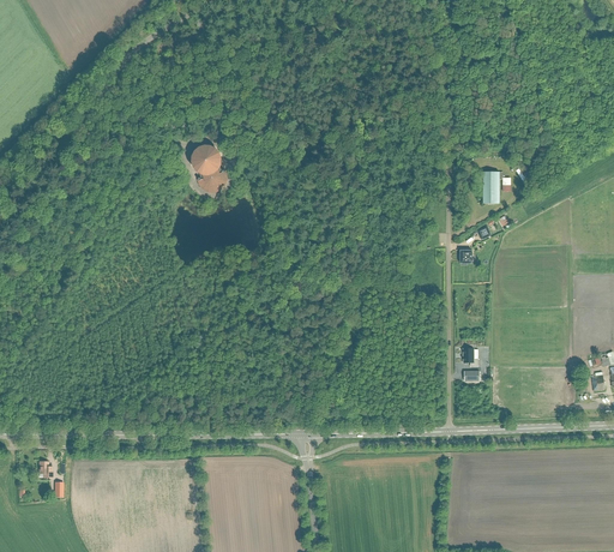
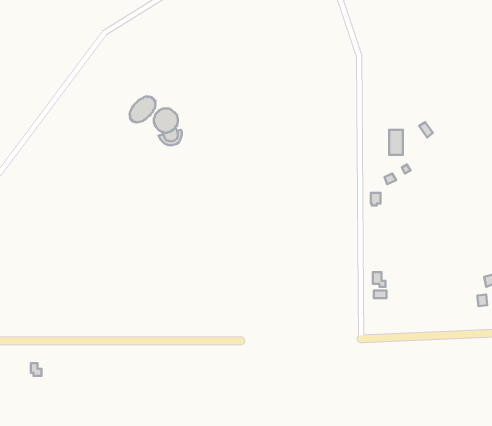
building: none -> [129,96,156,123]

